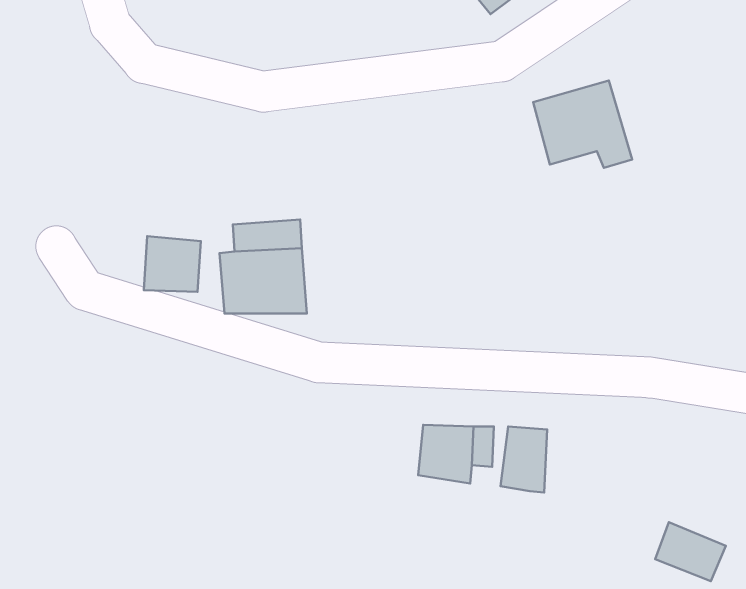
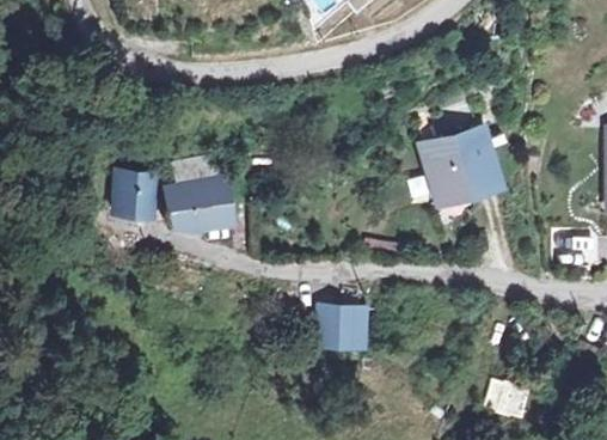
building: [533,80,632,168] -> [424,129,495,191]
building: [500,426,547,493] -> none

